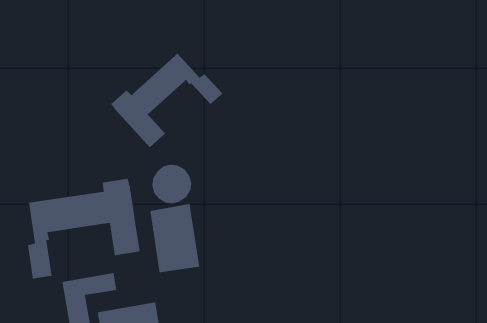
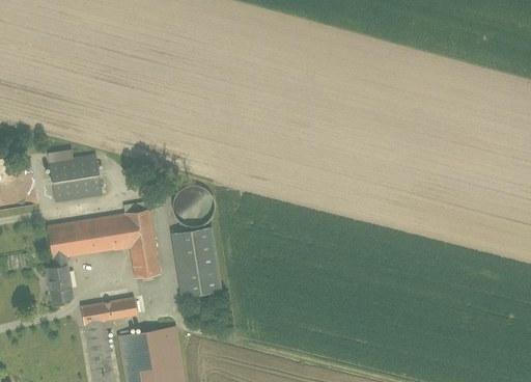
building: [110,53,223,148] -> none
building: none -> [47,154,102,203]

